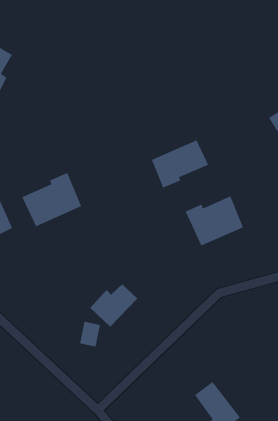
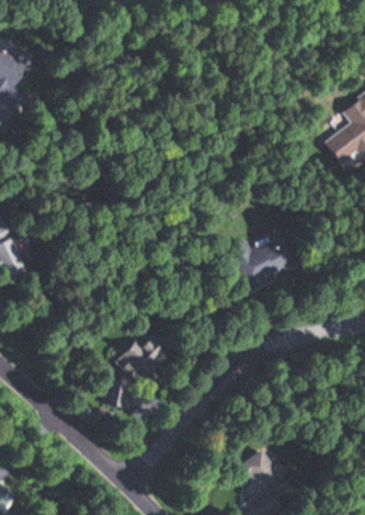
building: [151,140,209,189] -> none
building: [21,172,82,227] -> none

